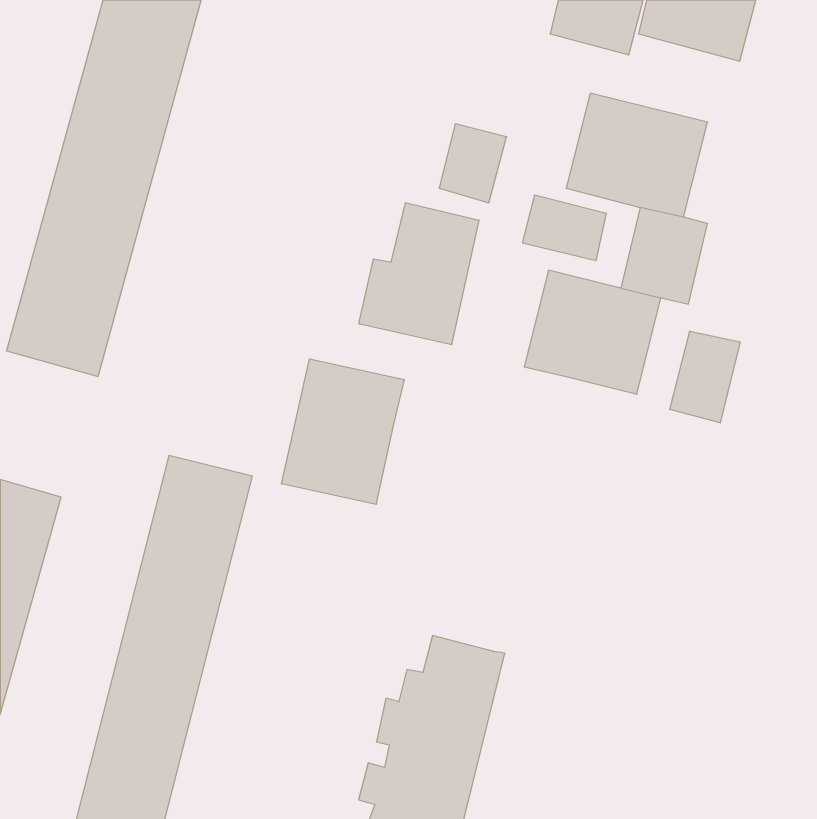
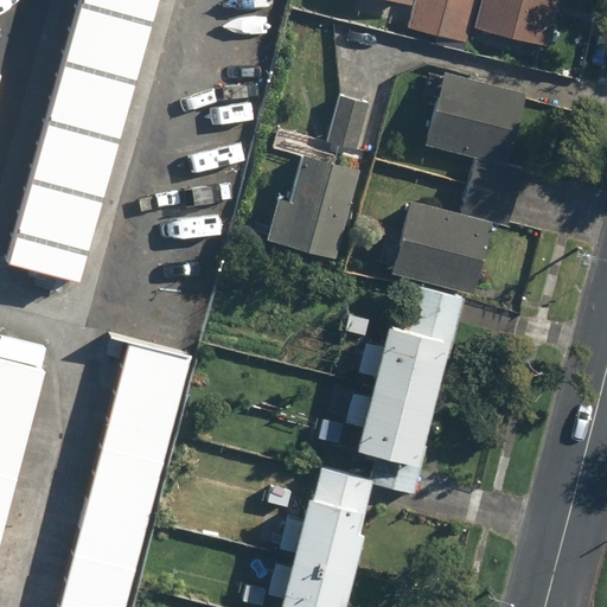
building: [522,195,606,261] -> none
building: [670,331,740,423] -> none
building: [281,359,404,504] -> none
building: none -> [341,280,468,493]

